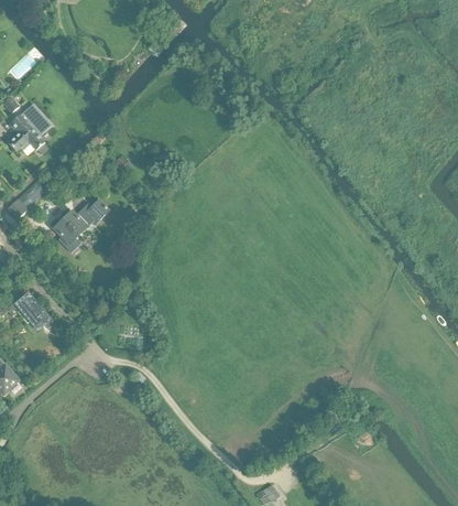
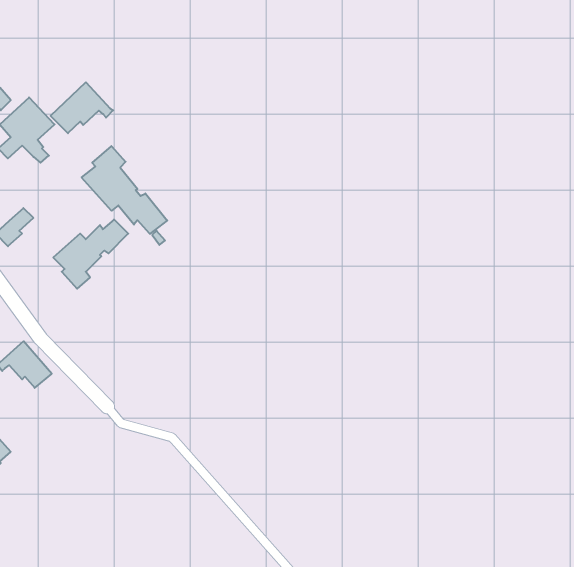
building: none -> [51,82,113,133]
building: none -> [82,146,167,234]

